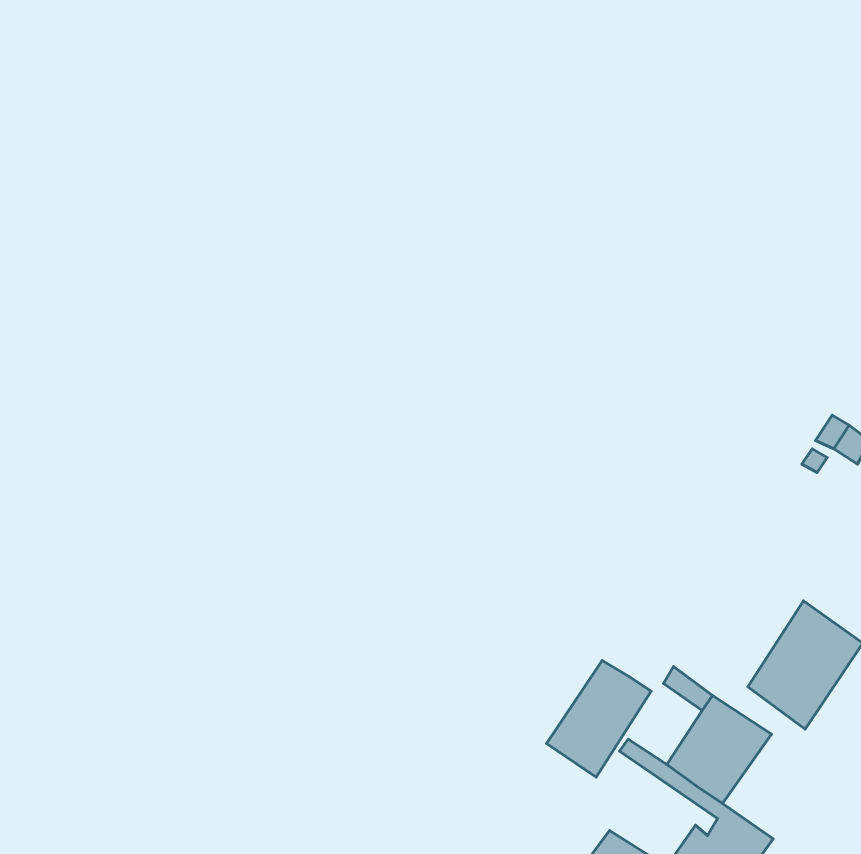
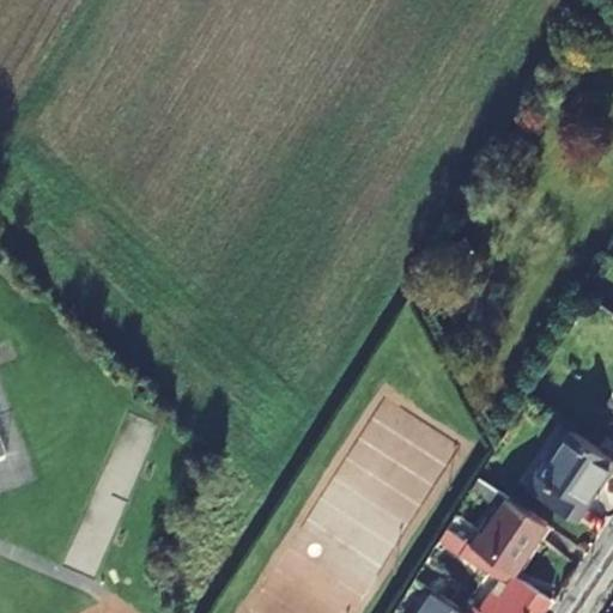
building: [546,661,651,777] -> none

